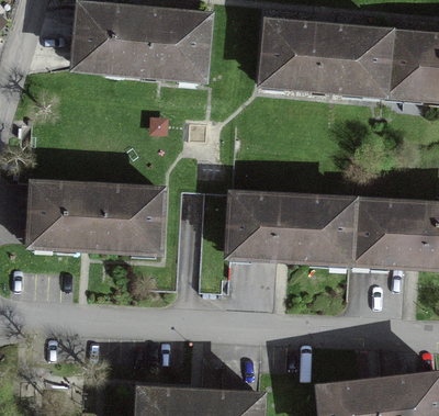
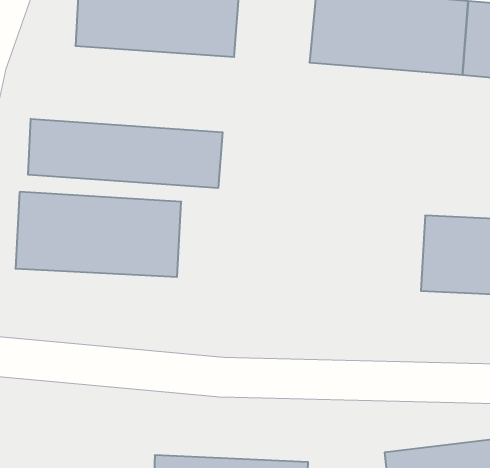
building: none -> [28,119,223,188]
building: [229,195,352,261] -> none

